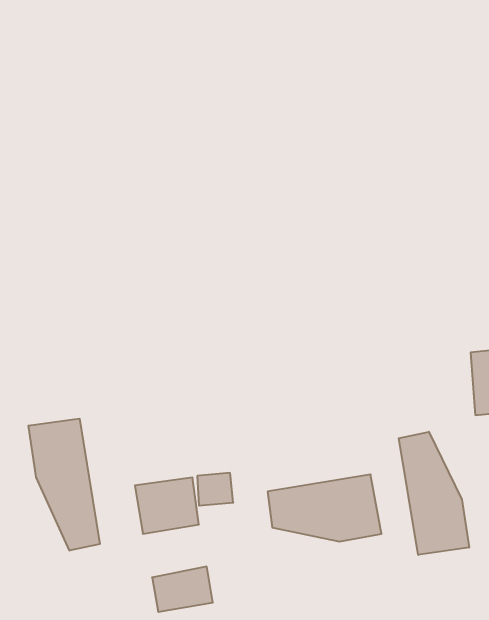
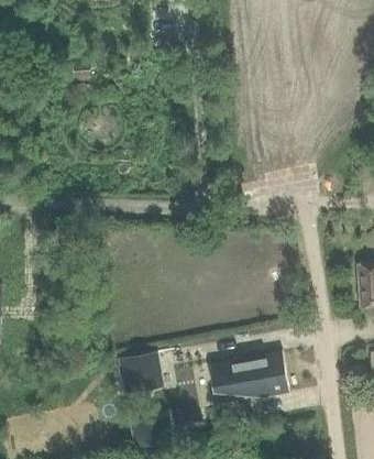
building: [28,419,100,551] -> none
building: [399,432,469,555] -> none

